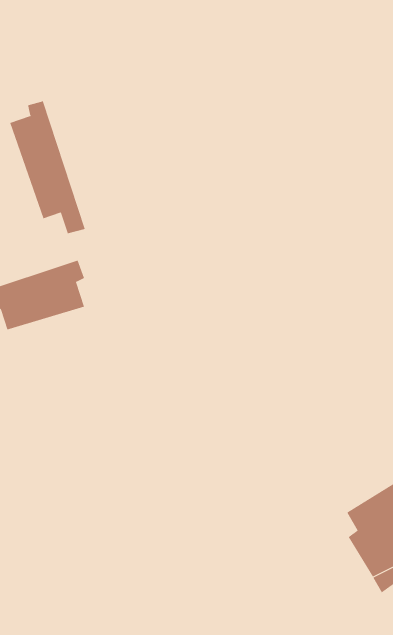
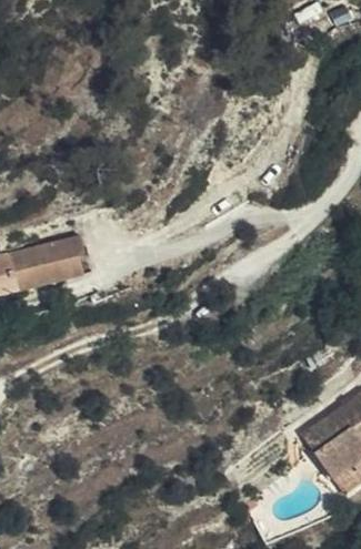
building: [9,100,86,234] -> none

